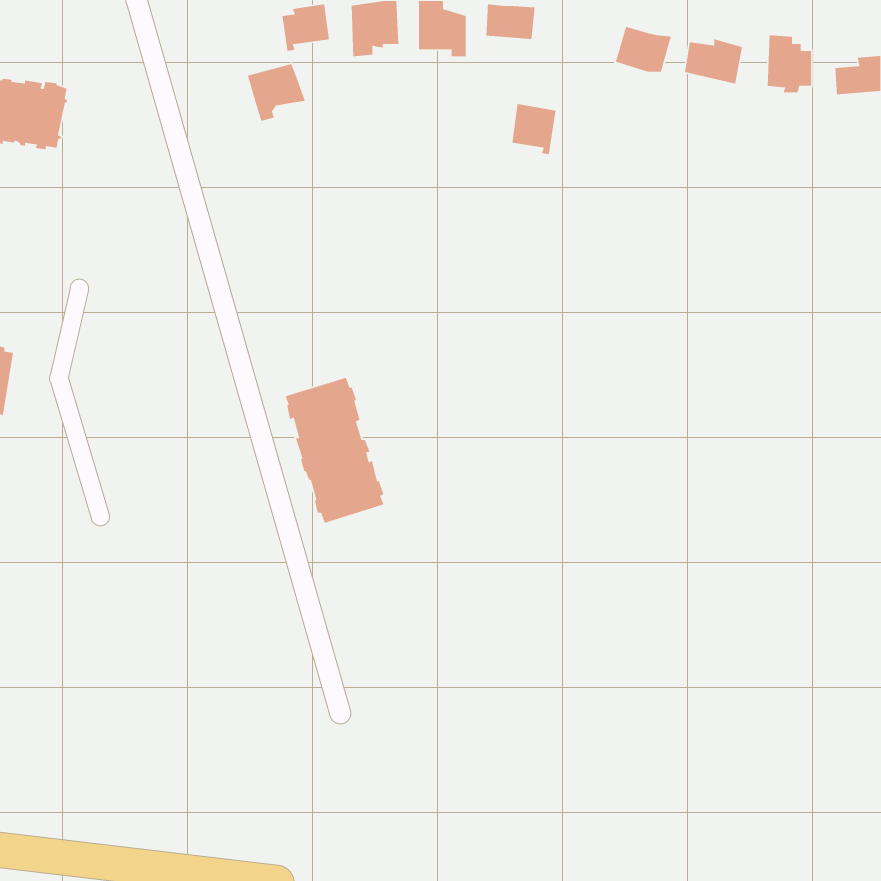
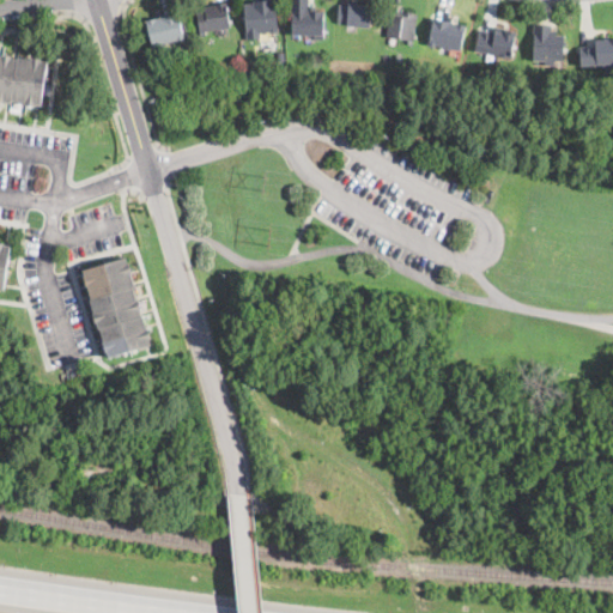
building: [247,63,306,122] -> [144,13,184,54]
building: [512,103,557,155] -> [386,11,417,47]
building: [284,377,385,524] -> [81,256,151,358]

